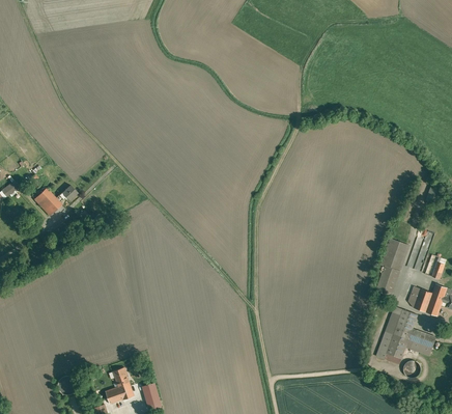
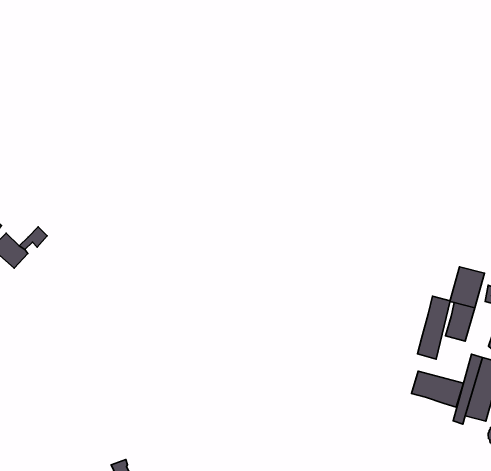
building: none -> [418,296,450,359]
building: none -> [411,371,463,407]

